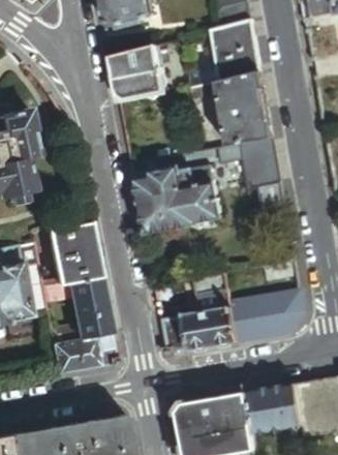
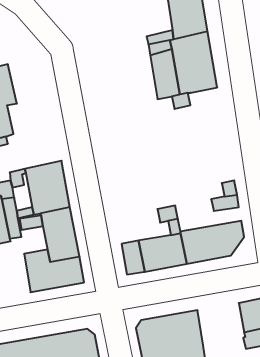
building: [113,44,167,100] -> none
building: [241,137,281,186] -> none
building: [135,165,221,234] -> none
building: [249,386,304,434] -> none

